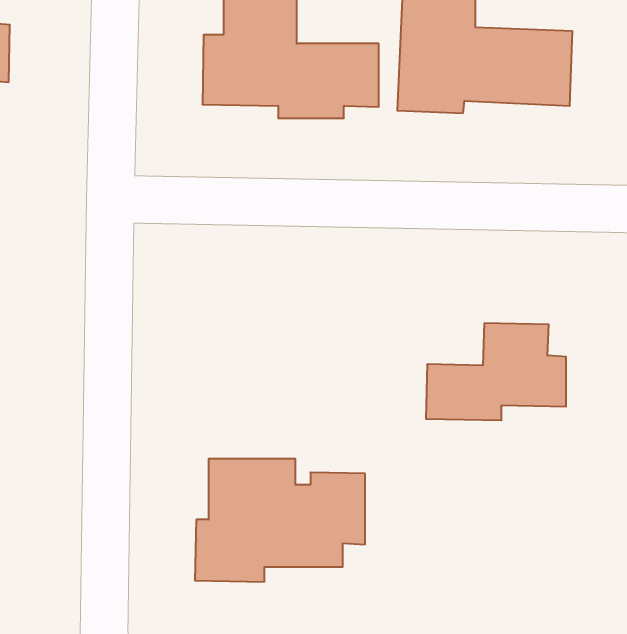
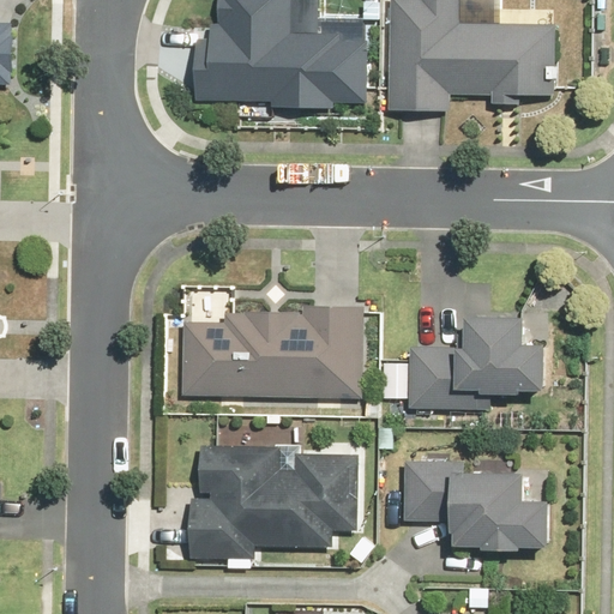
building: none -> [183,313,356,393]
building: none -> [398,457,546,543]

